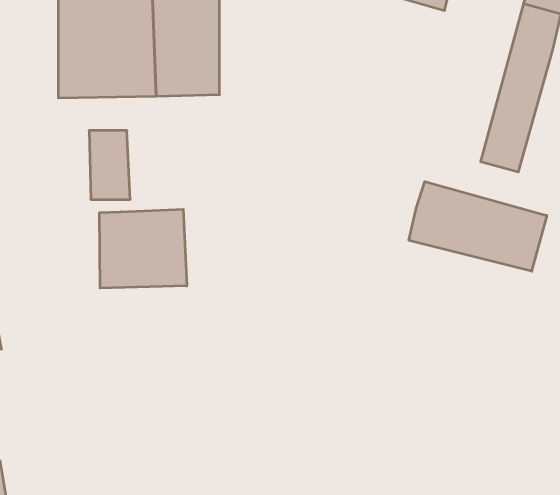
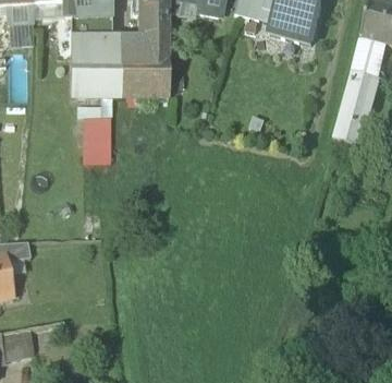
building: [409,182,547,271] -> none
building: [100,209,187,288] -> none

